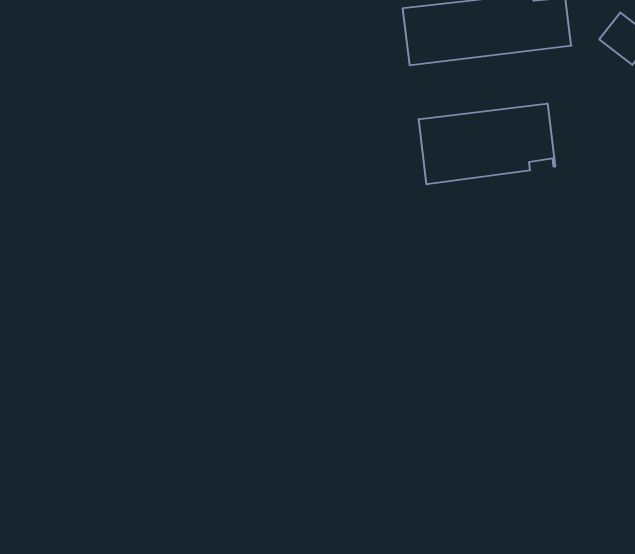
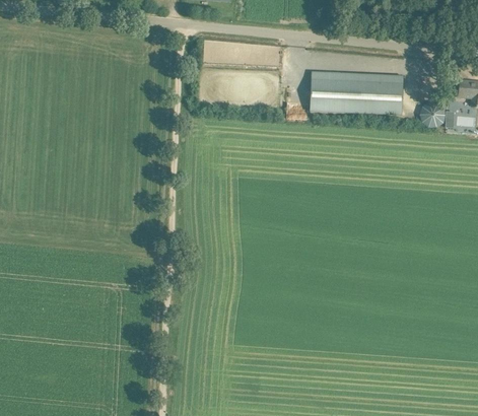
building: [419,103,555,184] -> none

